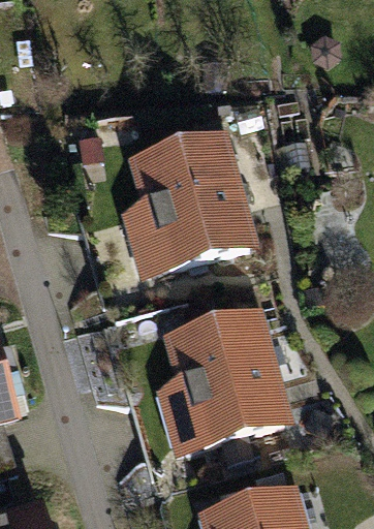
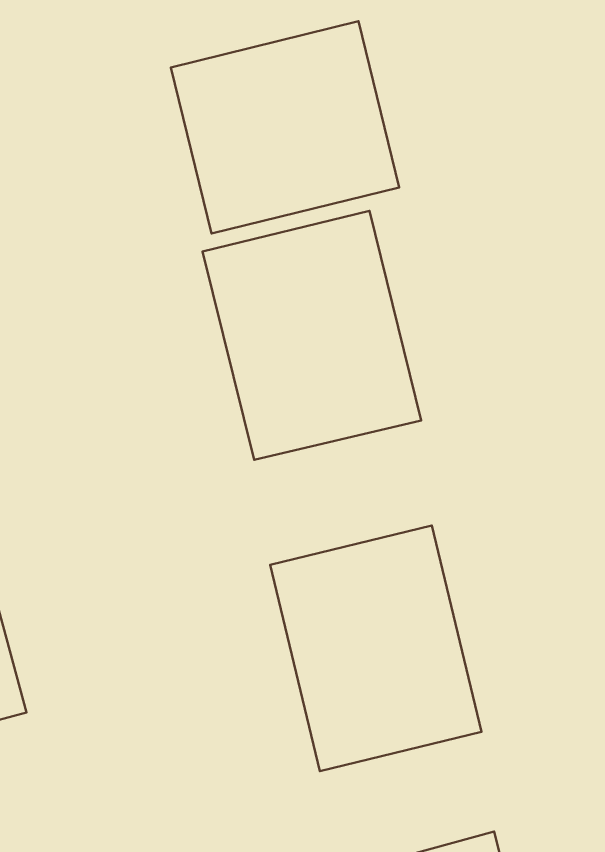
building: none -> [171,21,399,234]

